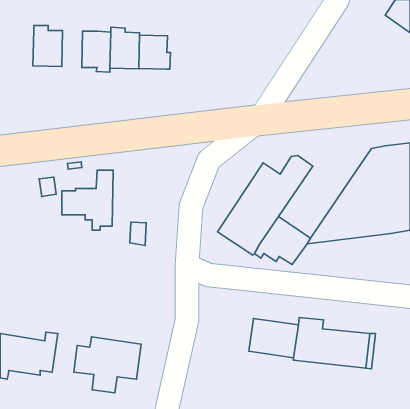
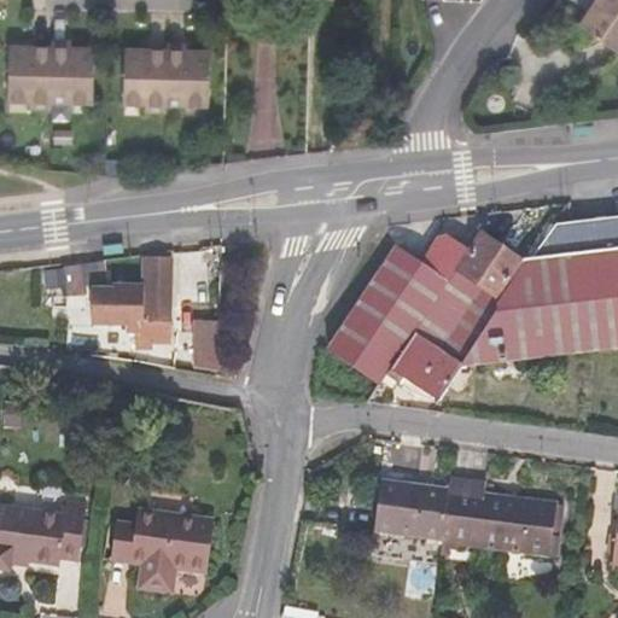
building: none -> [7,43,51,106]
building: [139,35,171,69] -> none
building: none -> [419,232,536,358]

